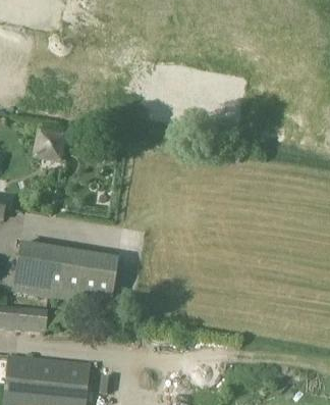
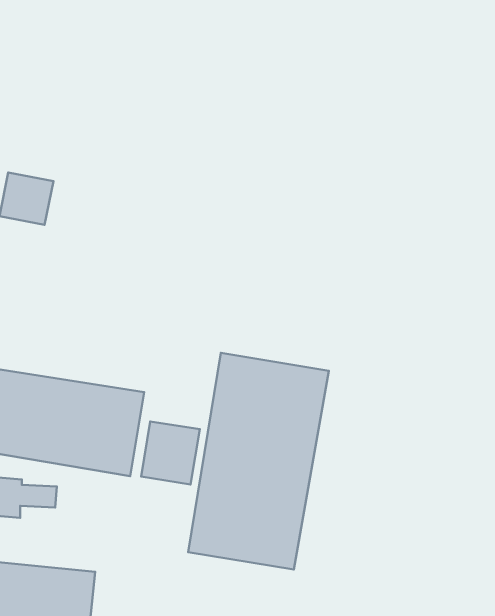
building: none -> [188,353,329,570]
building: none -> [141,421,200,484]

